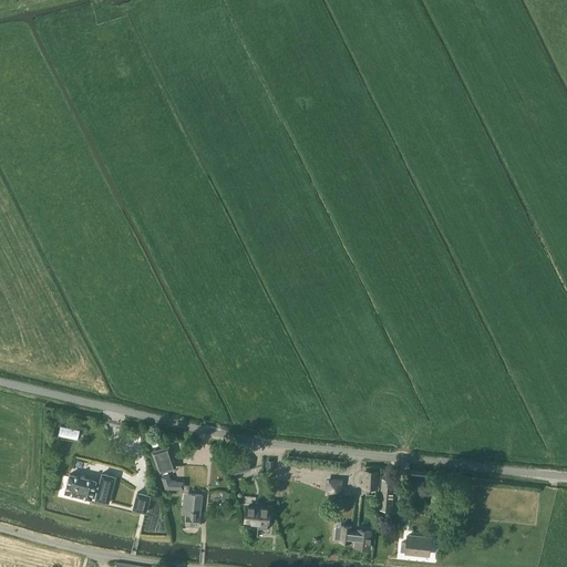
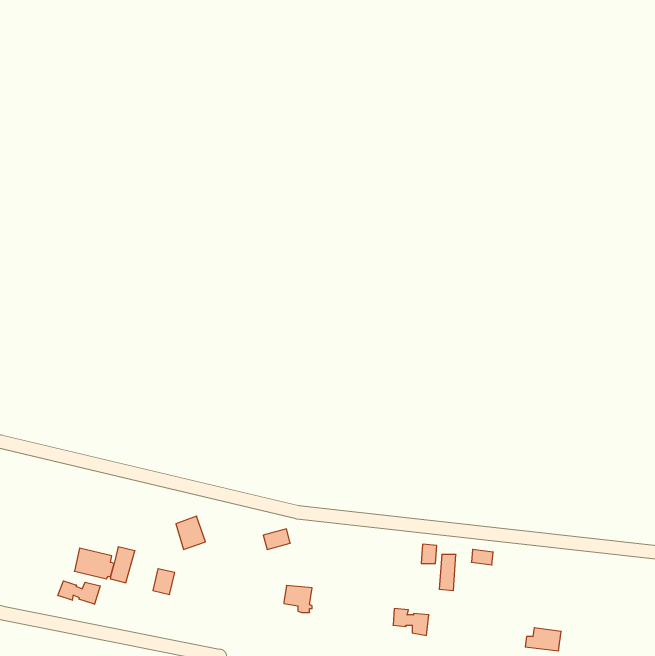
building: [183,493,203,525] -> none
building: none -> [58,581,100,604]
building: [400,535,431,555] -> [525,628,561,651]

